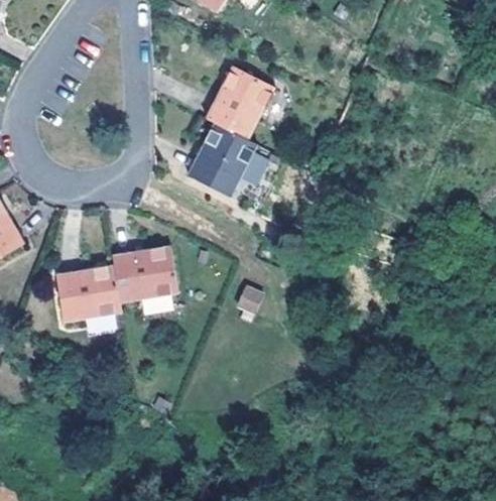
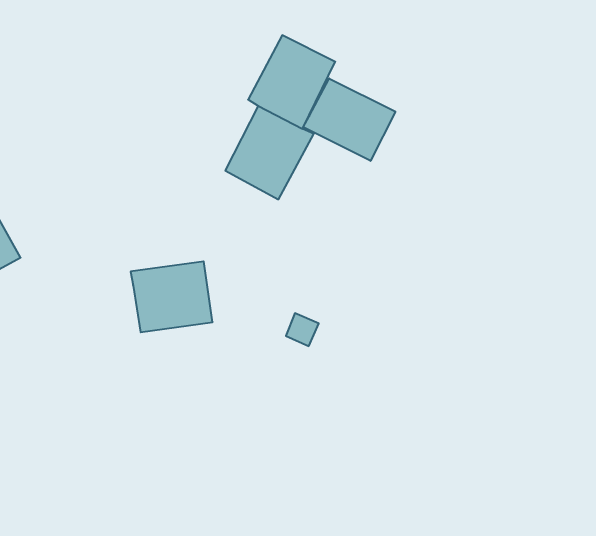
building: none -> [303,78,395,161]
building: [55,265,121,323] -> none

